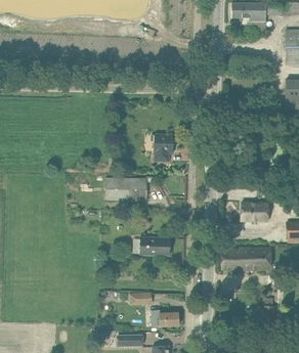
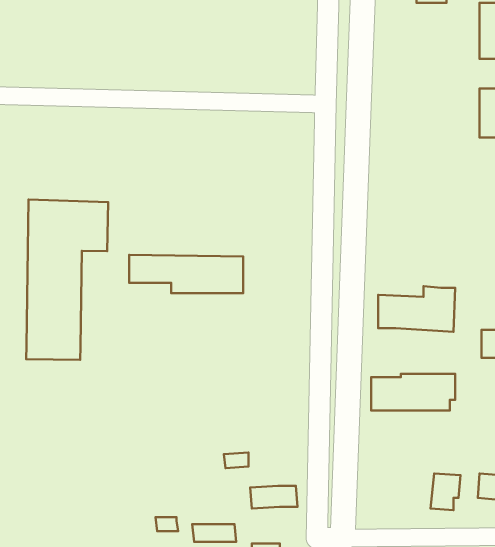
building: [155,133,174,161] -> none
building: none -> [26,200,108,360]
building: [140,236,171,255] -> none

